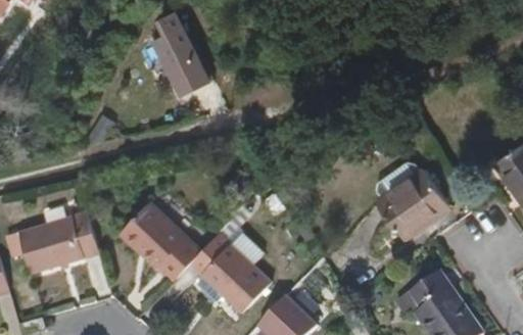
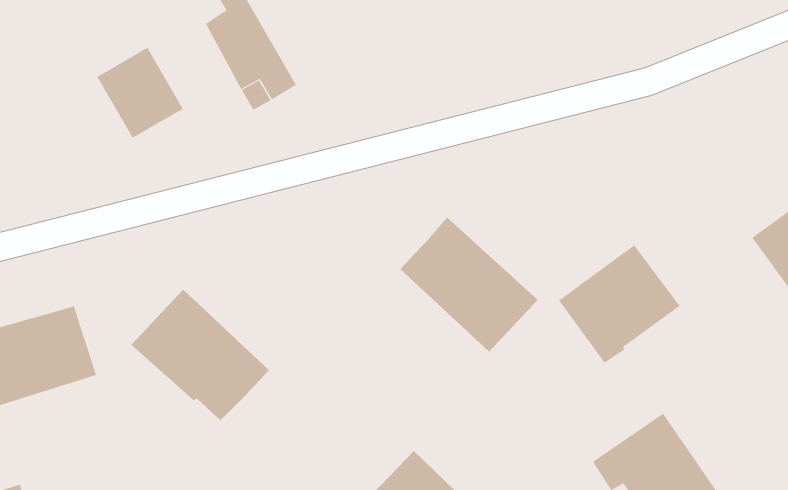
building: none -> [97,47,184,139]
building: [187,231,271,313] -> [399,217,538,353]

